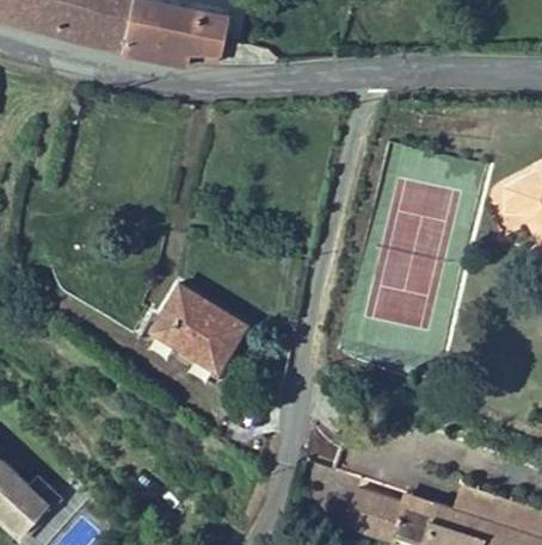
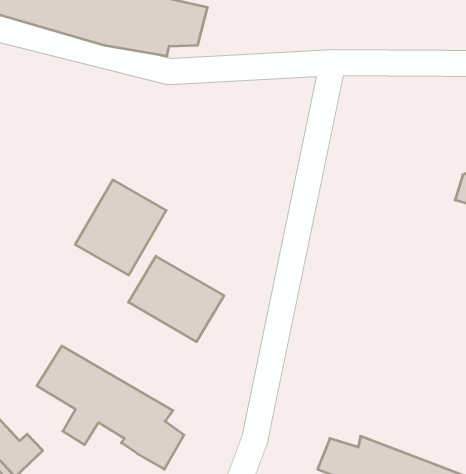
building: none -> [75,180,166,275]
building: none -> [37,346,184,469]

